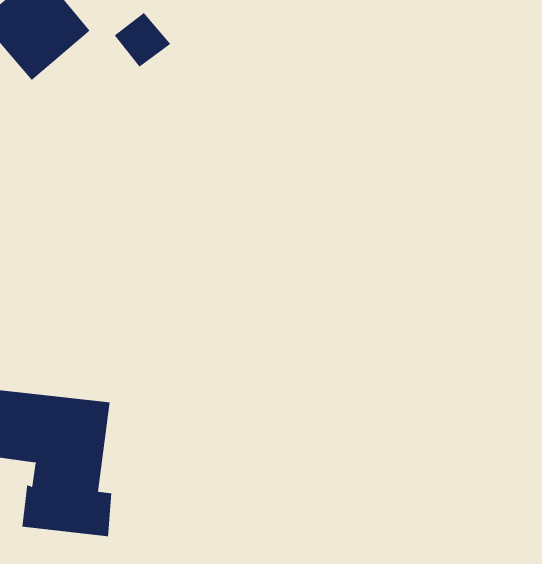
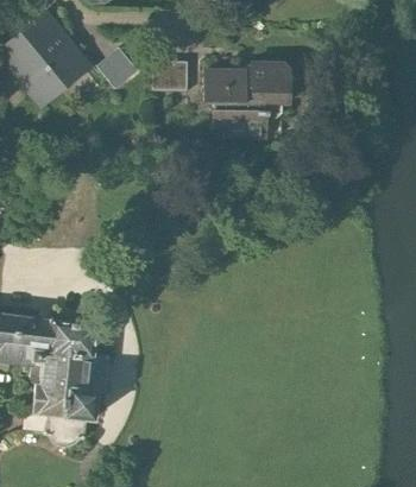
building: none -> [151,61,188,91]
building: none -> [206,63,288,138]

